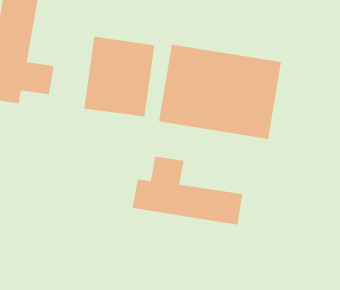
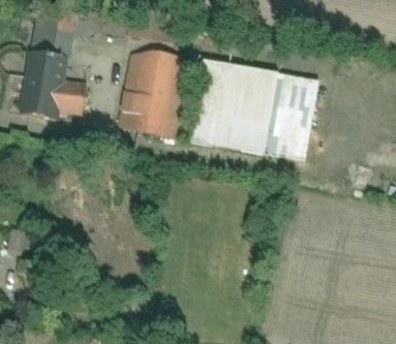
building: [132,156,243,225] -> none

